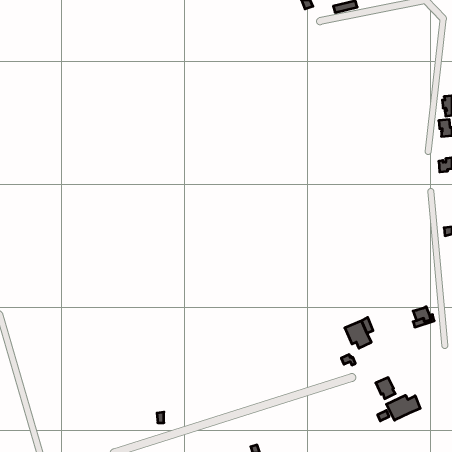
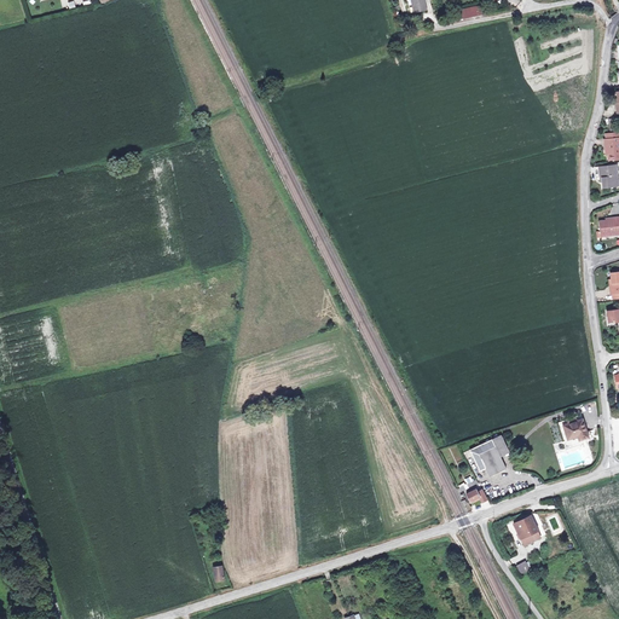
building: [386,395,420,420] -> none

